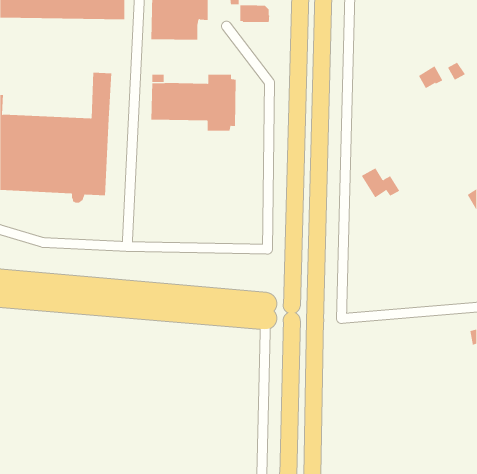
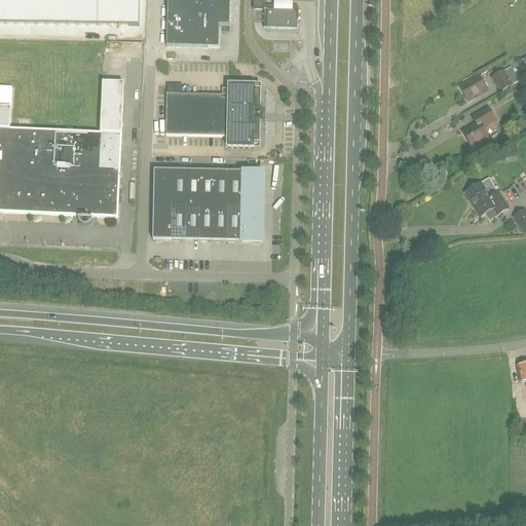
building: none -> [462,105,495,145]
building: none -> [152,166,263,238]
building: [361,167,400,198] -> [464,180,508,214]

